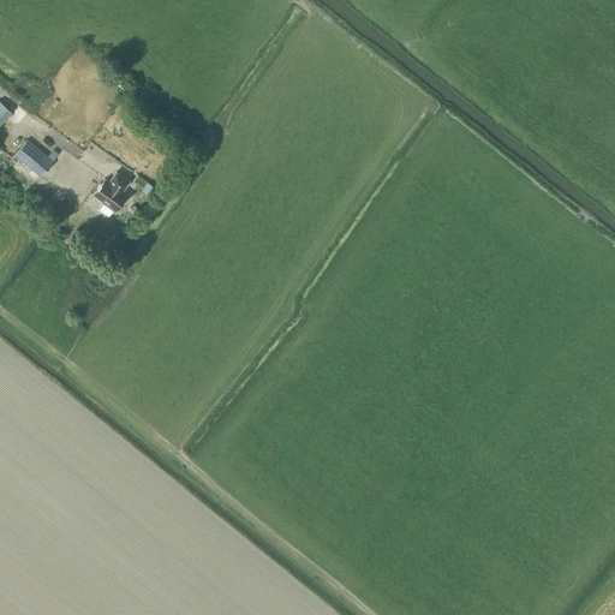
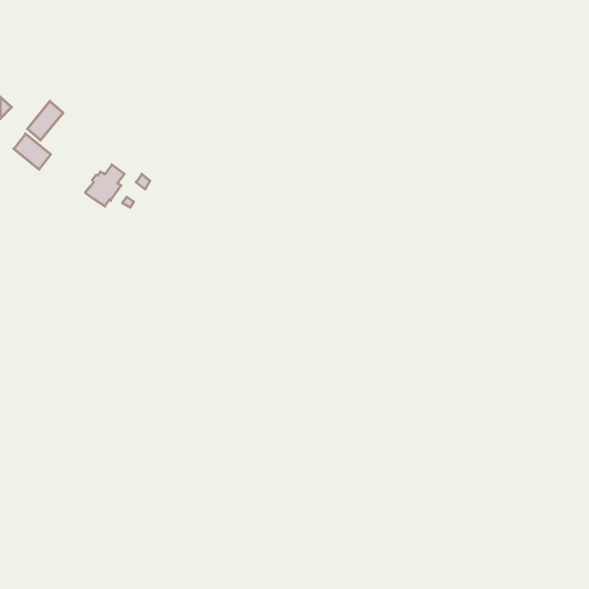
building: none -> [27,101,63,140]

